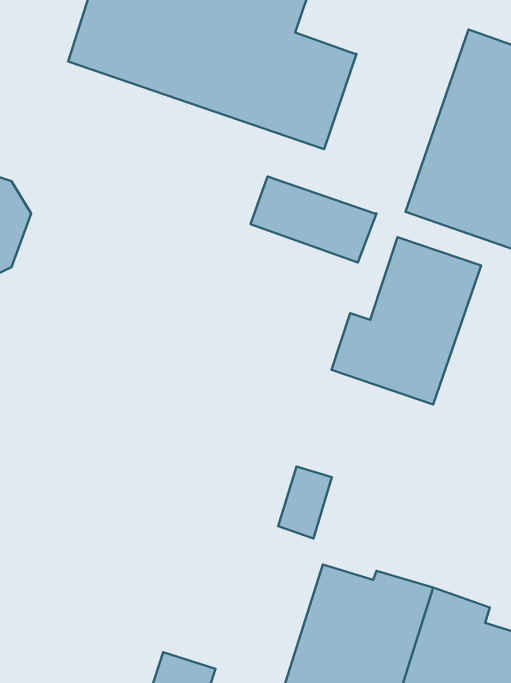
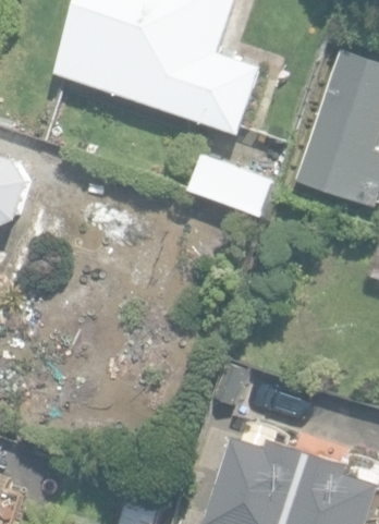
building: [331,237,481,405] -> none

